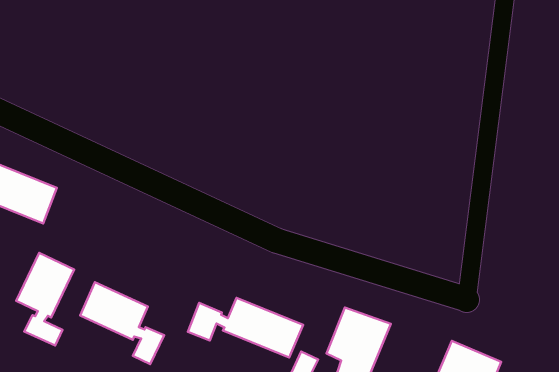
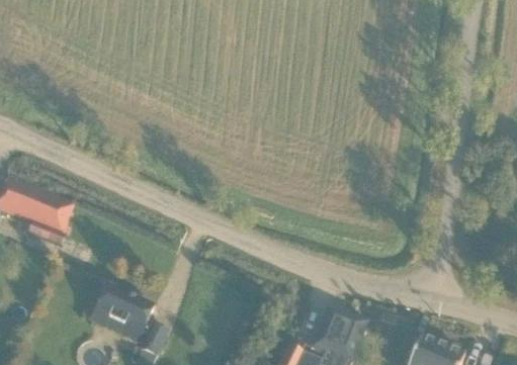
building: [16,253,74,346] -> none
building: [188,298,303,358] -> none

